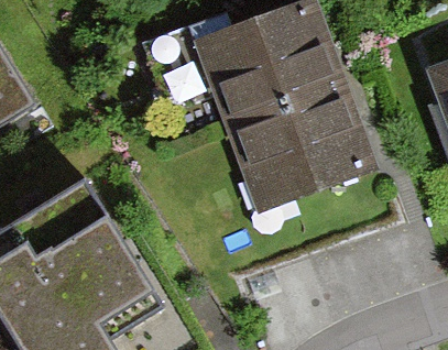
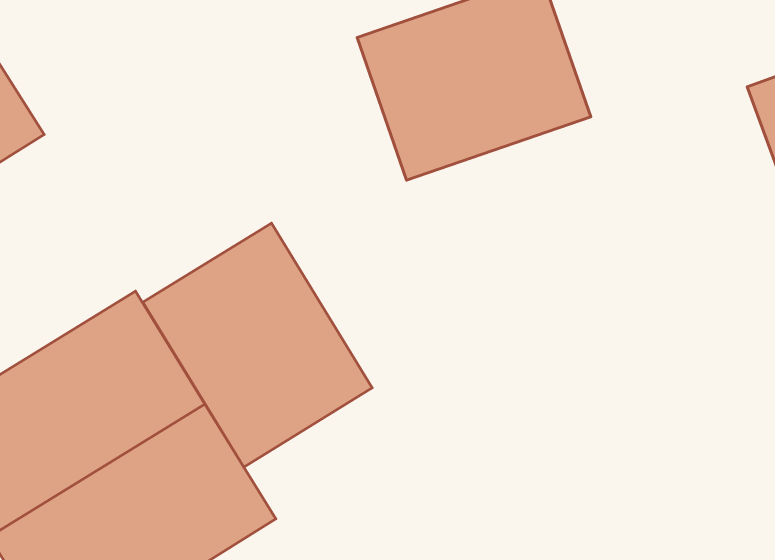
building: [236,86,365,200] -> none
building: none -> [143,223,372,467]

